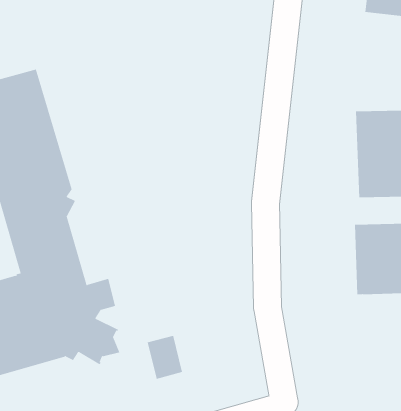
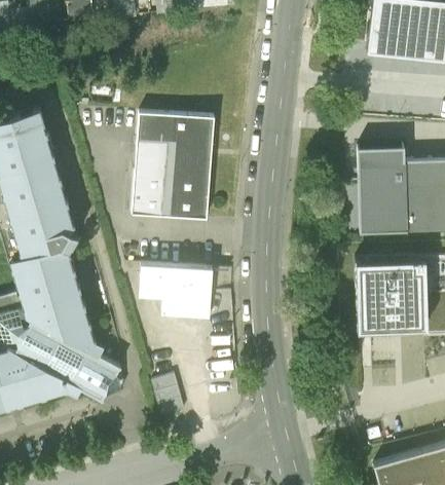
building: none -> [133,112,215,221]
building: none -> [138,266,212,320]

